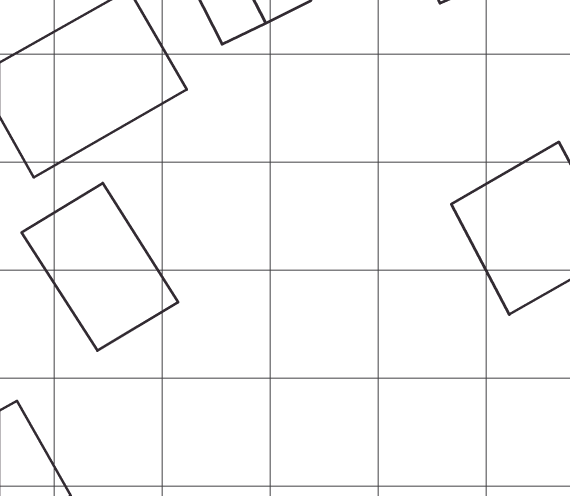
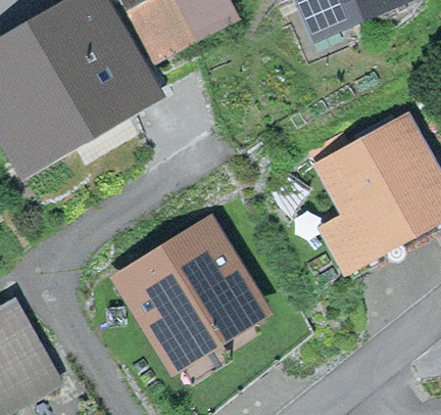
building: [22,183,178,351] -> none
building: none -> [127,230,259,360]

